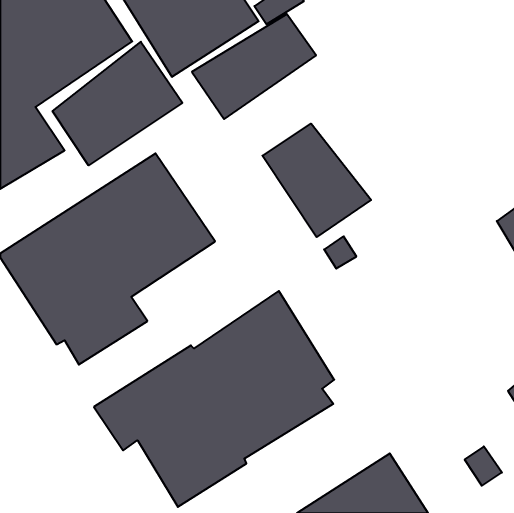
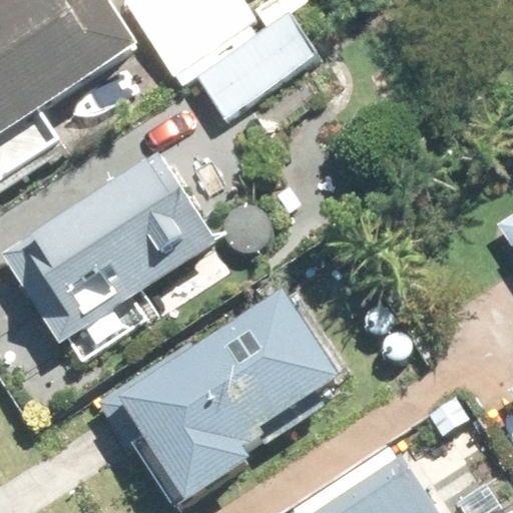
building: [53,42,182,165] -> none
building: [262,124,371,237] -> none

